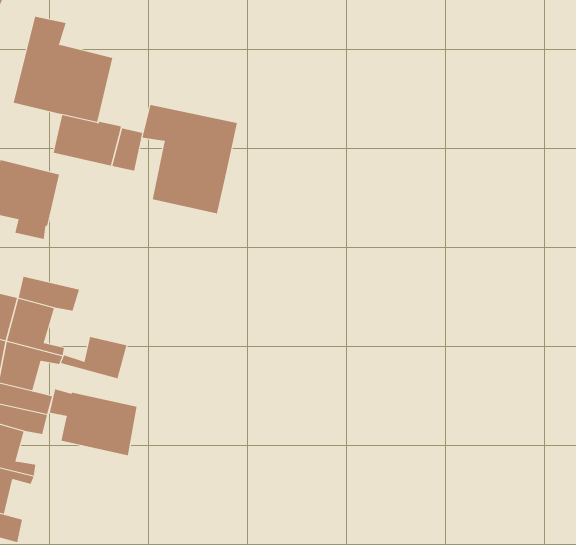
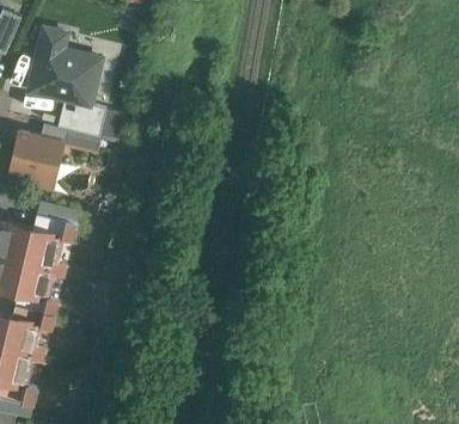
building: [142,104,238,215] -> none
building: [60,336,127,379] -> none
building: [49,388,137,456] -> none

